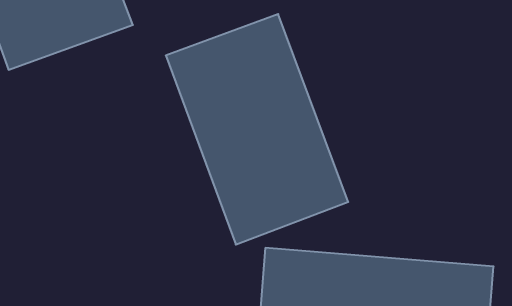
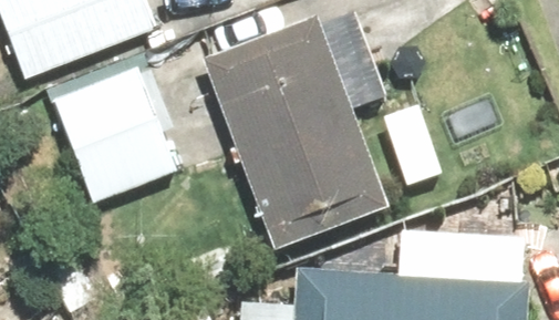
building: none -> [58,56,187,202]

